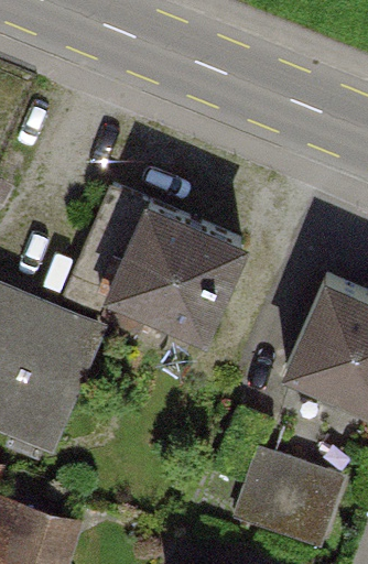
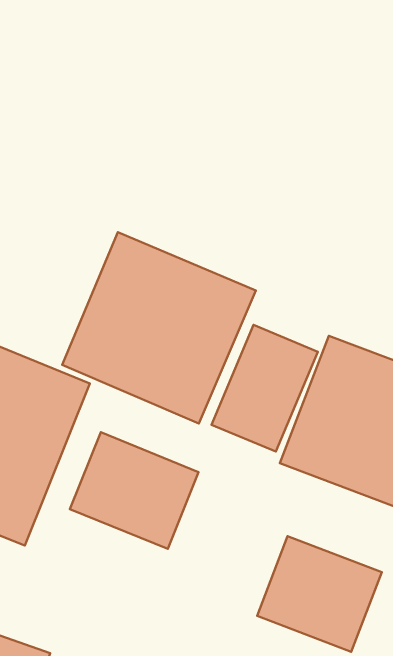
building: none -> [211,325,318,452]
building: none -> [70,432,199,549]

